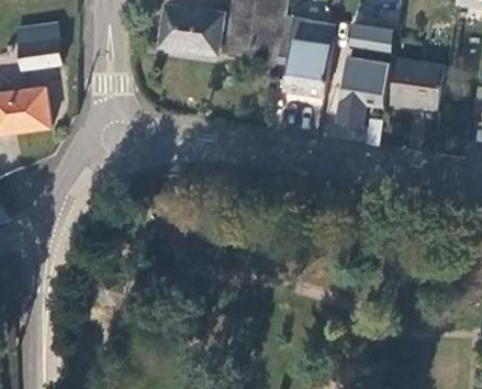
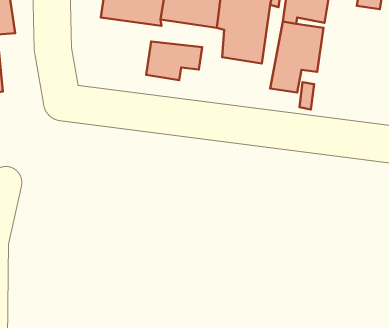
building: [389,58,442,113] -> none
building: none -> [146,41,202,80]

